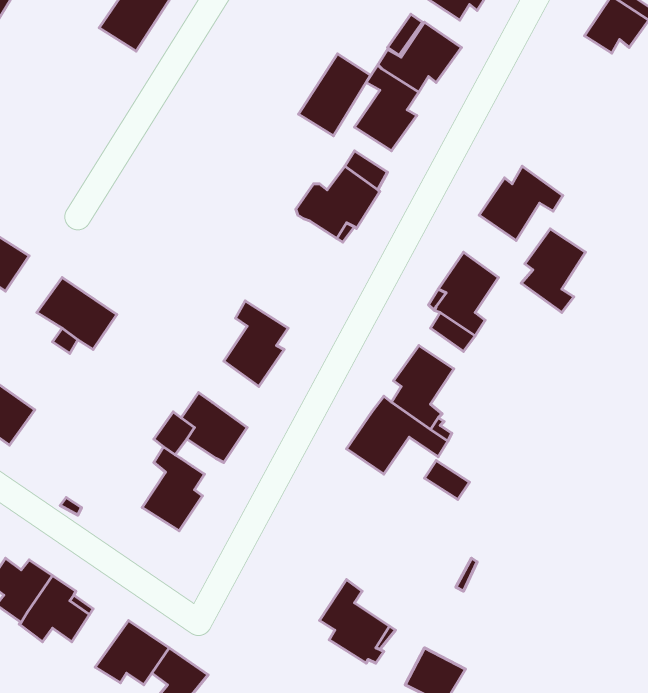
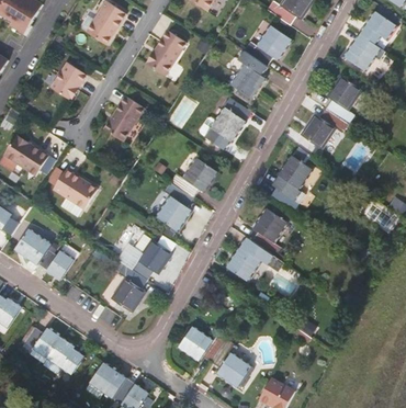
building: none -> [345,33,384,69]
building: [298,54,371,136] -> [145,30,185,76]
building: none -> [49,61,86,100]
building: none -> [103,95,144,141]
building: [521,229,585,313] -> [325,76,361,123]
building: none -> [169,157,216,197]
building: none -> [36,241,79,279]
building: none -> [178,326,226,362]

